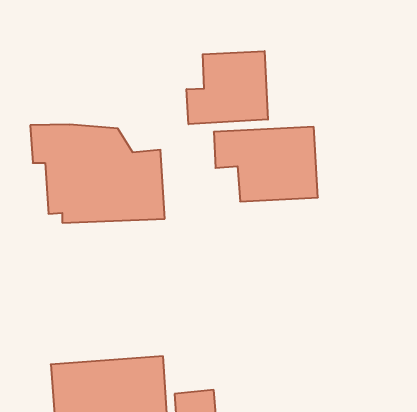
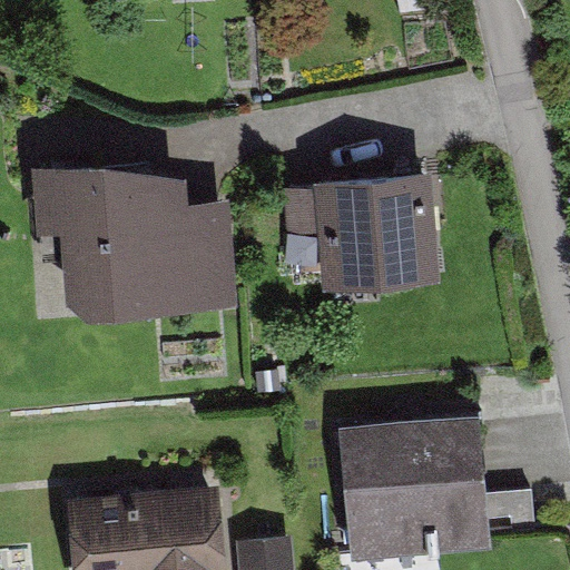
building: [187,51,268,124] -> none
building: none -> [338,413,490,563]

